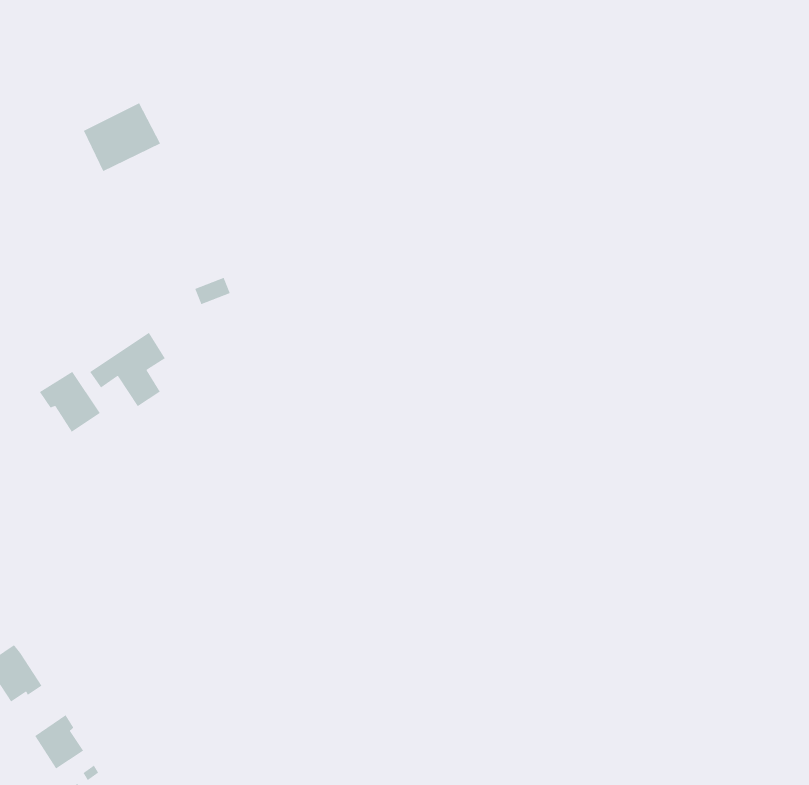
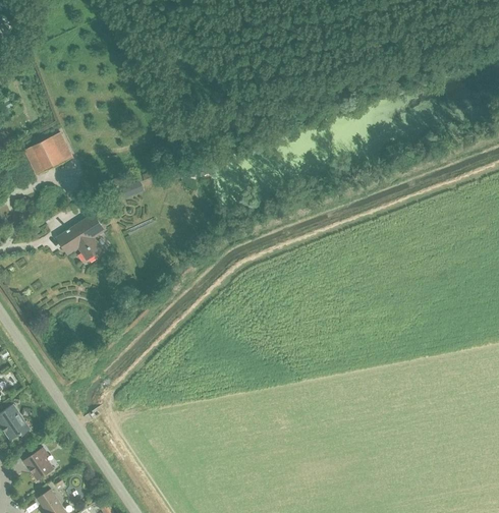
building: [83,102,161,172] -> [24,132,72,175]
building: [39,371,101,433] -> none

